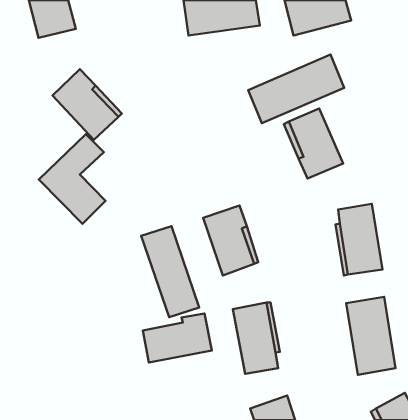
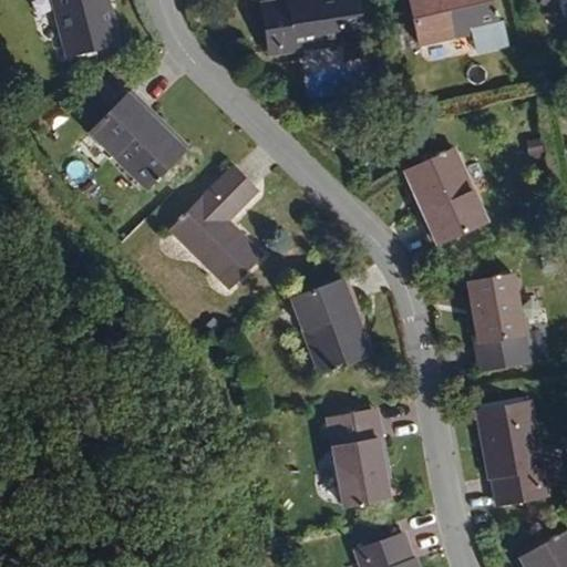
building: [248,55,344,123] -> none
building: [39,134,105,224] -> [176,166,266,287]
building: [141,226,199,317] -> none
building: [143,314,212,362] -> none

